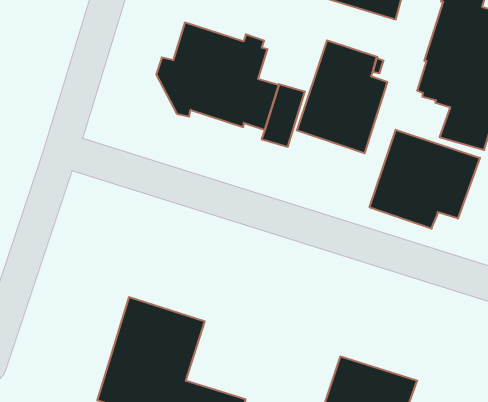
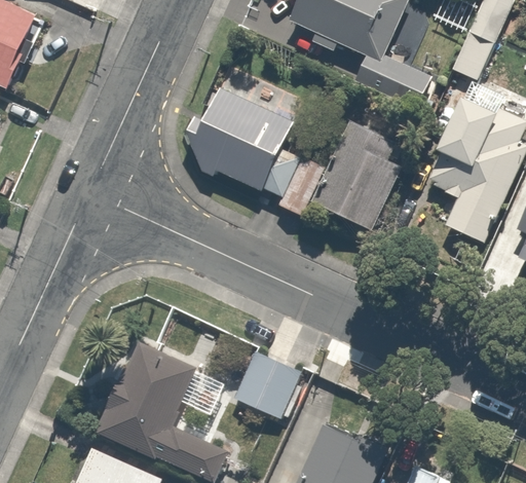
building: [370,130,480,229] -> none
building: none -> [232,350,305,421]

